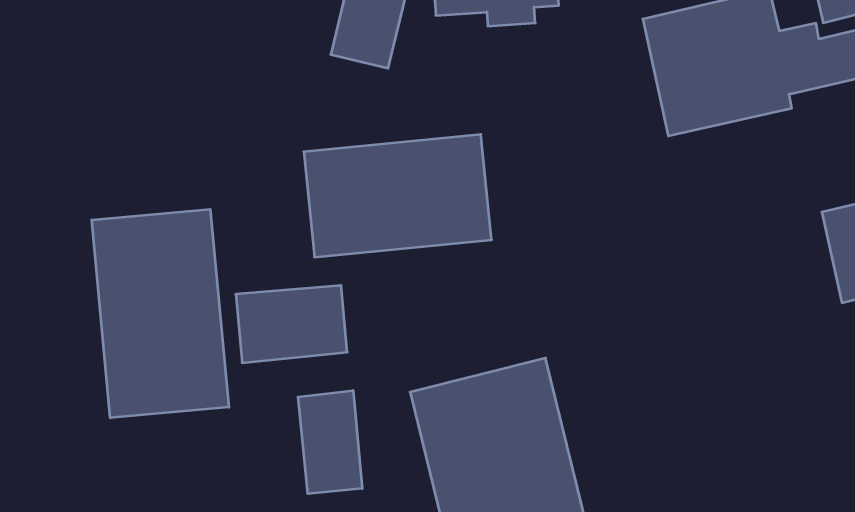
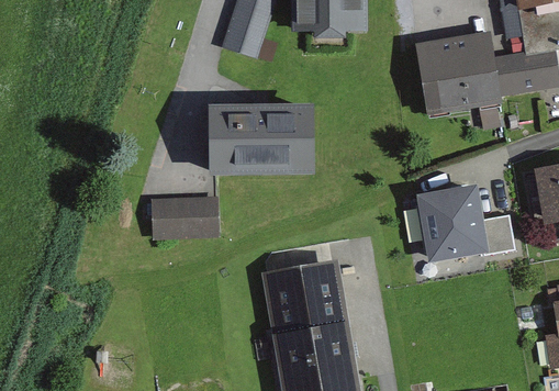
building: [92,209,229,418] -> none
building: none -> [415,183,510,264]
building: [298,390,362,494] -> none

